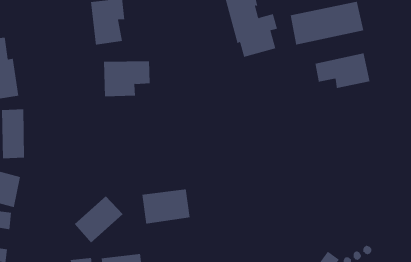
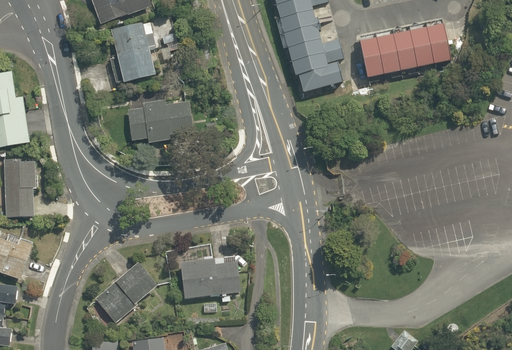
building: [315,53,370,89] -> none

